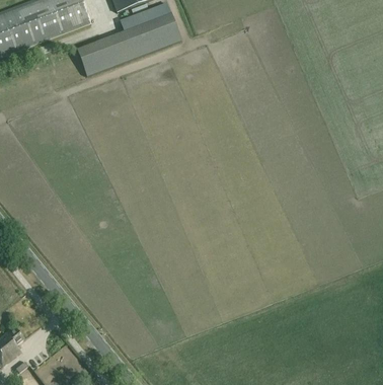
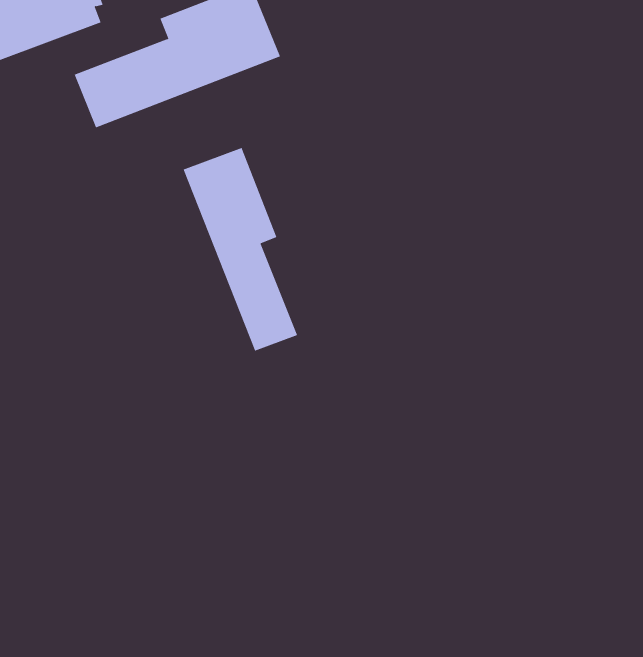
building: none -> [183,147,298,351]

